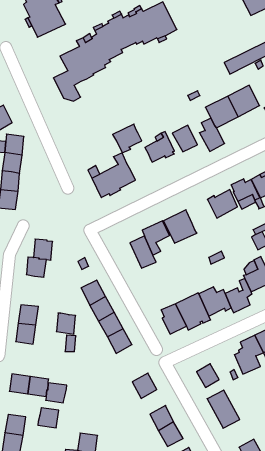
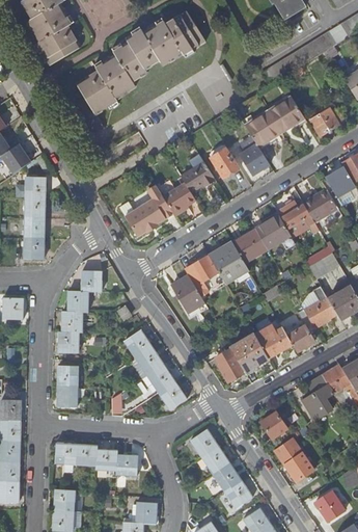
building: [113,124,142,153] -> [162,183,195,216]
building: none -> [233,229,268,263]
building: none -> [81,270,101,291]
building: [56,313,76,334] -> [58,330,78,352]
building: none -> [201,446,229,474]
building: [38,408,59,428] -> [115,454,137,475]

